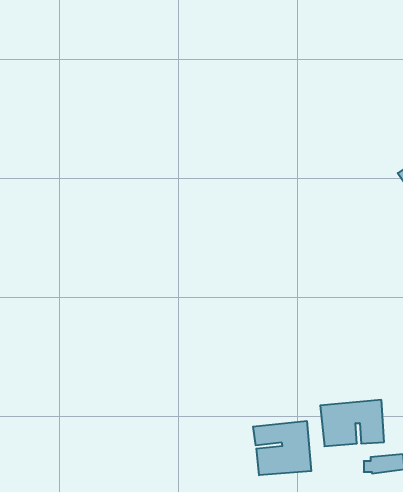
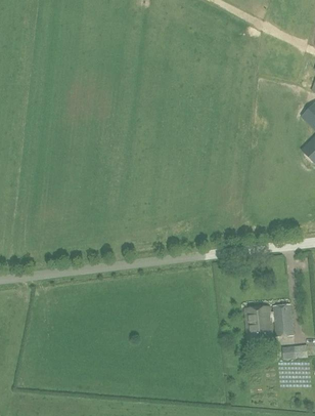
building: [253,421,311,475] -> none

